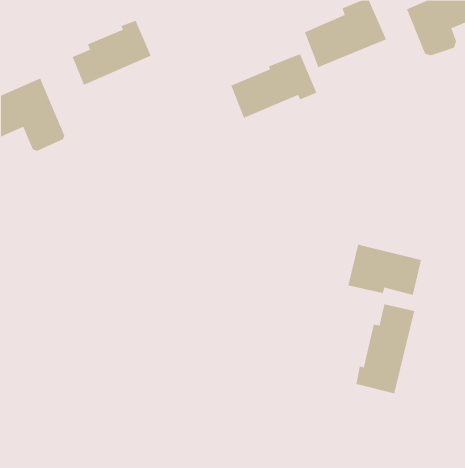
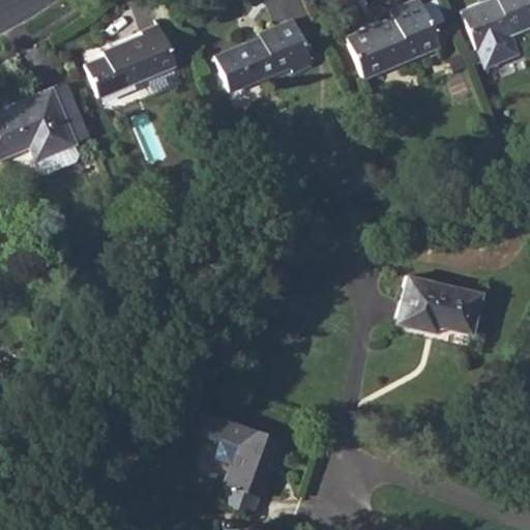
building: [231,53,317,119] -> [216,19,314,92]
building: [356,303,415,394] -> none
building: none -> [201,412,286,516]

